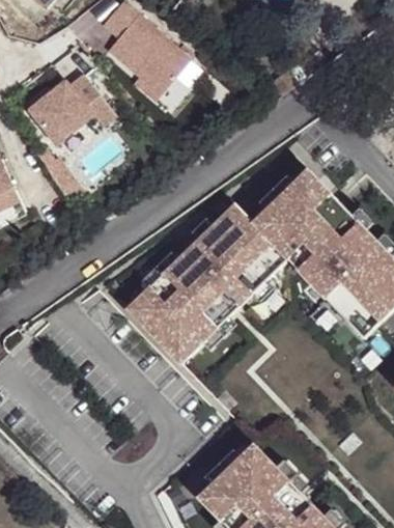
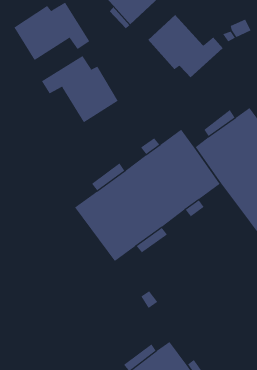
building: none -> [147,14,224,78]
building: none -> [41,55,119,123]

